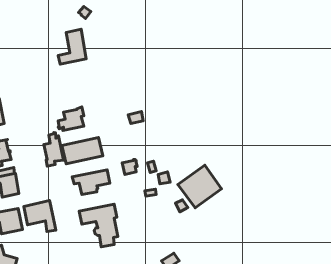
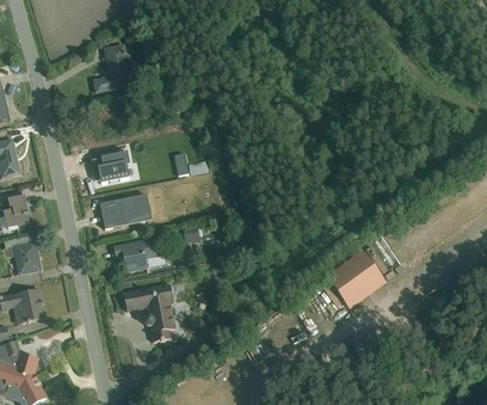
building: [44,133,64,166] -> none
building: [178,165,222,208] -> [325,250,384,308]
building: [24,201,56,232] -> none

